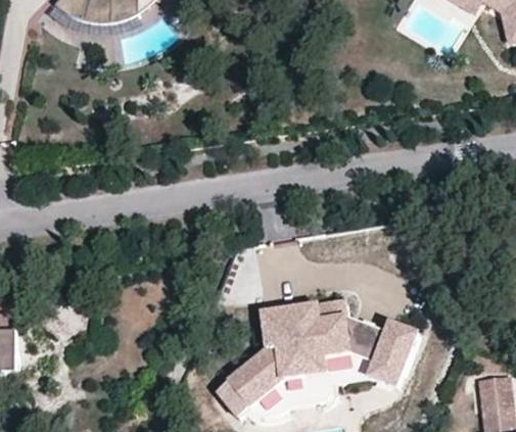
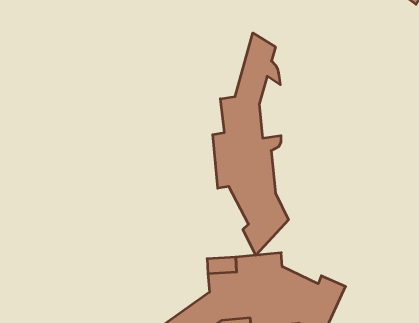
building: none -> [213,33,288,255]

